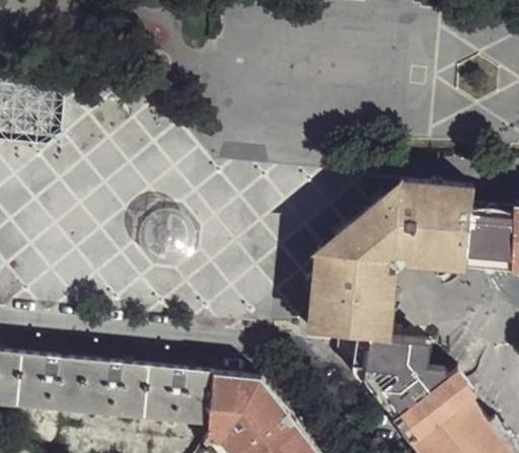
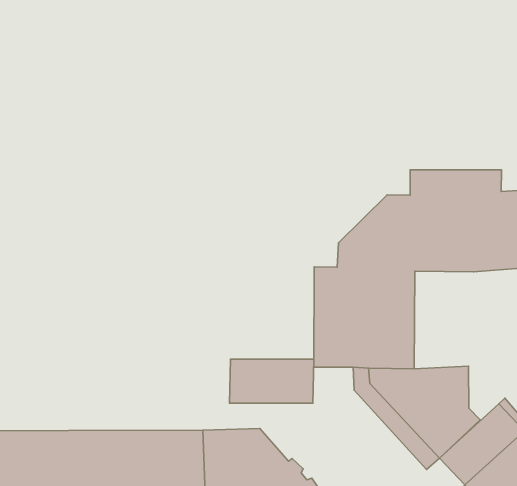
building: none -> [229,359,314,403]

